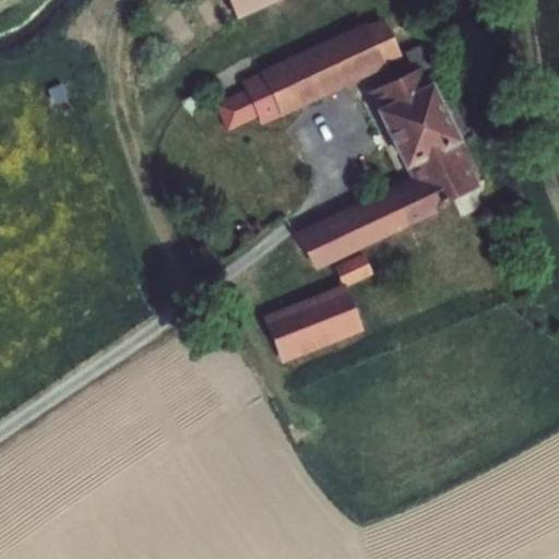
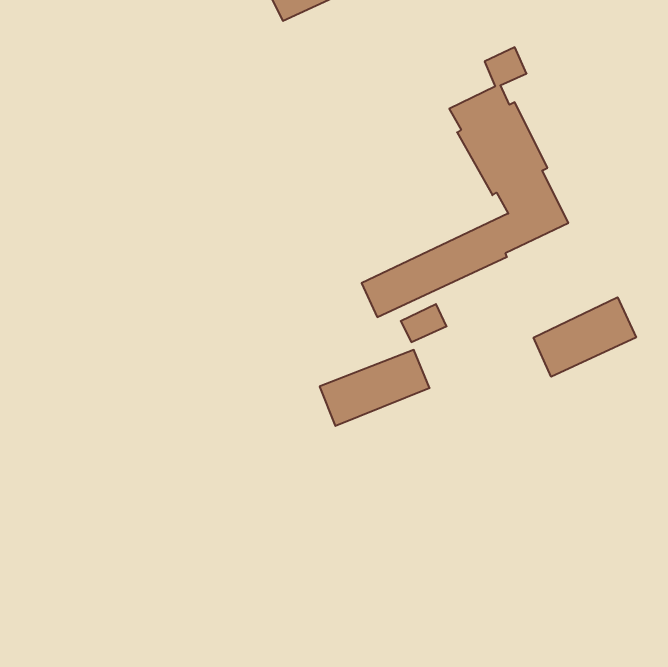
building: [217,20,399,128] -> none
building: none -> [534,297,636,377]

